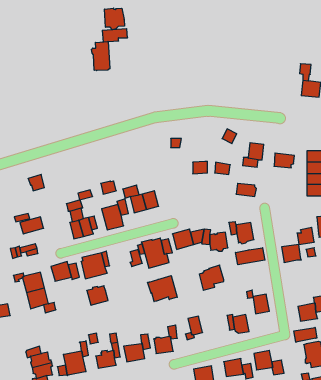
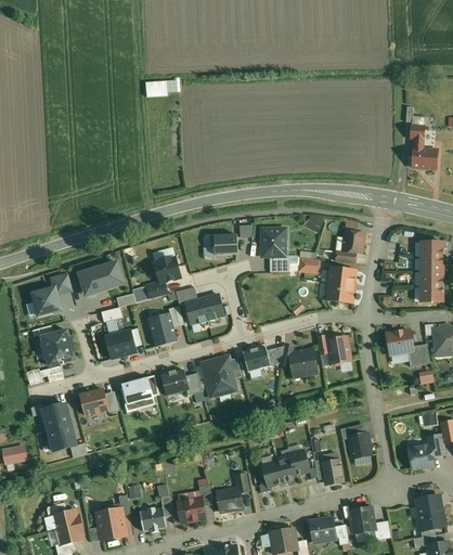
building: [105,8,124,30] -> none
building: [91,41,110,71] -> none
building: none -> [261,228,285,256]
building: none -> [209,233,237,254]
building: [274,153,294,168] -> [328,267,355,286]
building: none -> [154,256,180,282]
building: none -> [79,261,122,293]
building: none -> [31,286,61,315]
building: none -> [43,344,74,365]
building: [282,245,301,262] -> [387,330,413,353]
building: [236,248,265,265] -> none
building: [199,265,224,290] -> [276,449,309,482]
building: [148,276,177,302] -> none
building: [87,286,108,305] -> [160,369,189,395]
building: [294,327,317,342] -> none

